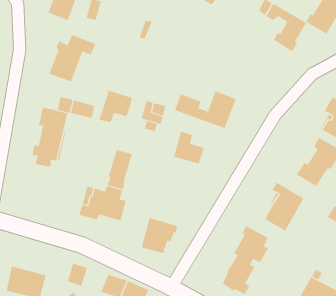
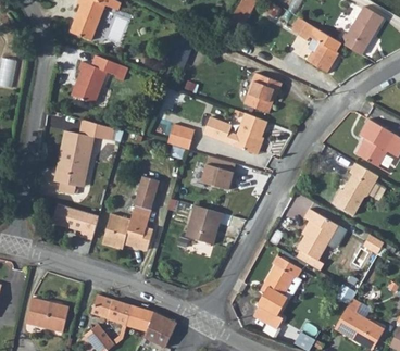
building: none -> [242,73,282,113]
building: [99,90,133,123] -> none
building: none -> [52,204,99,241]
building: [141,217,178,254] -> [185,204,224,242]
building: none -> [105,299,133,324]

